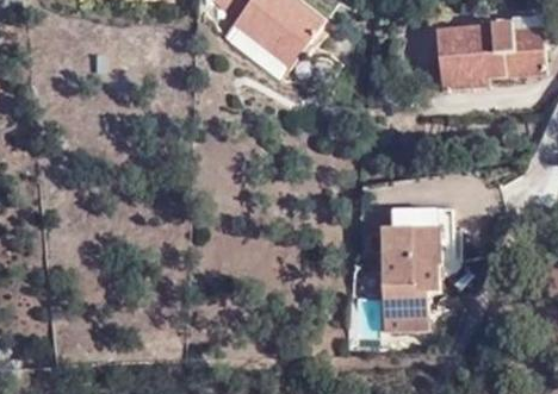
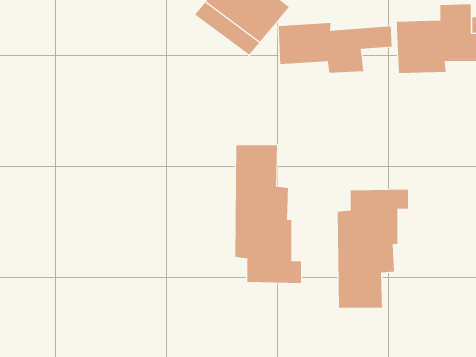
building: none -> [278,22,392,74]
building: none -> [235,145,302,284]

